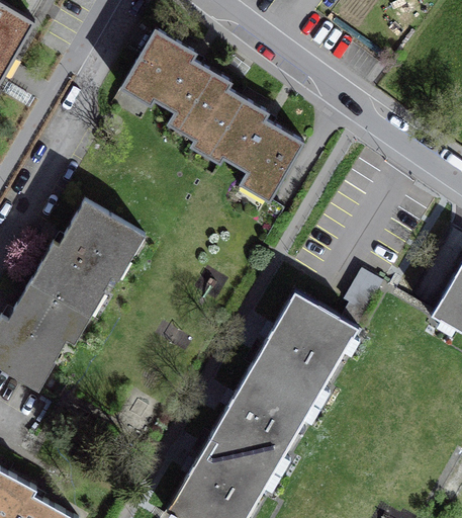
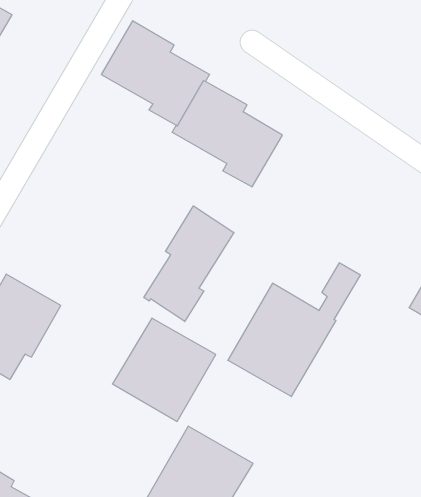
building: [28,201,138,315] -> none
building: none -> [144,206,234,322]
building: [210,369,313,472] -> [112,318,216,421]

